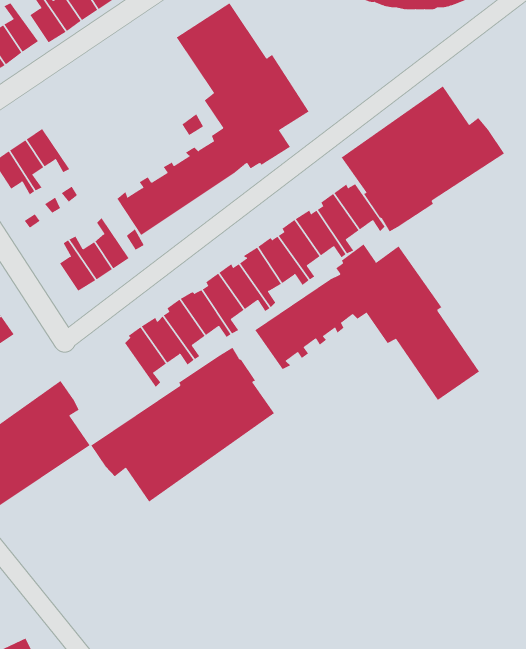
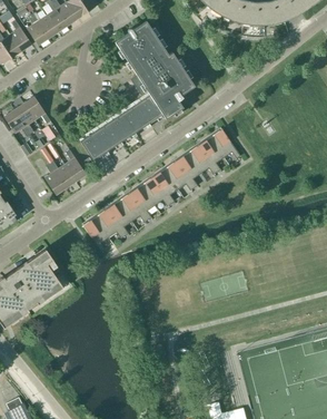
building: [341,86,505,232] -> none
building: [254,244,480,401] -> none
building: [91,347,275,503] -> none

